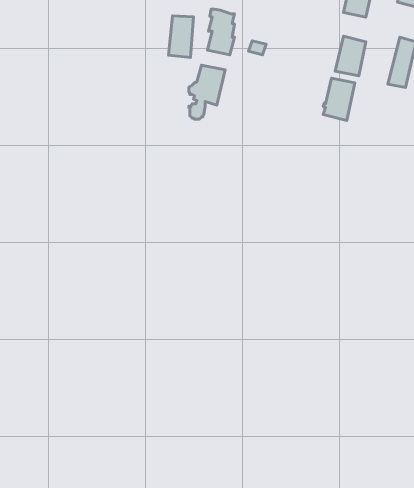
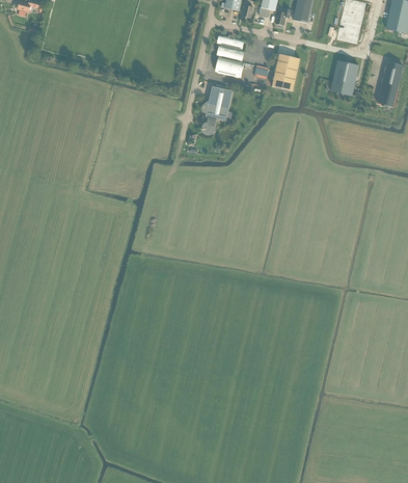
building: [169,16,194,58] -> none
building: [323,78,355,120] -> [271,53,299,90]

